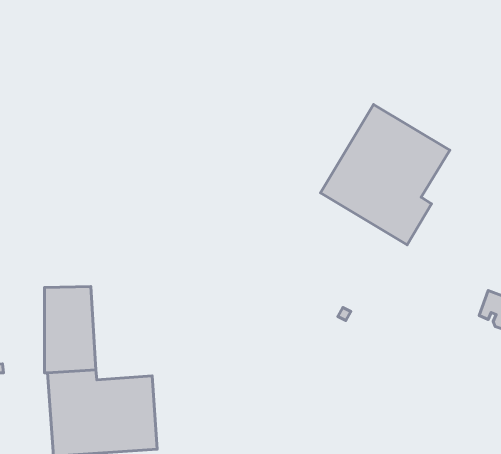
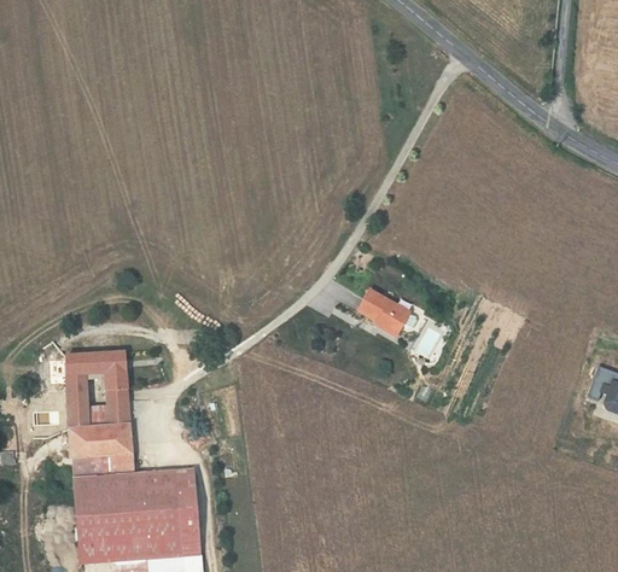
building: [321,104,450,245] -> none
building: none -> [360,288,420,334]

